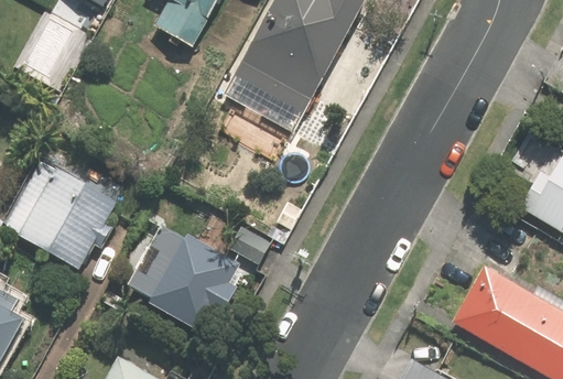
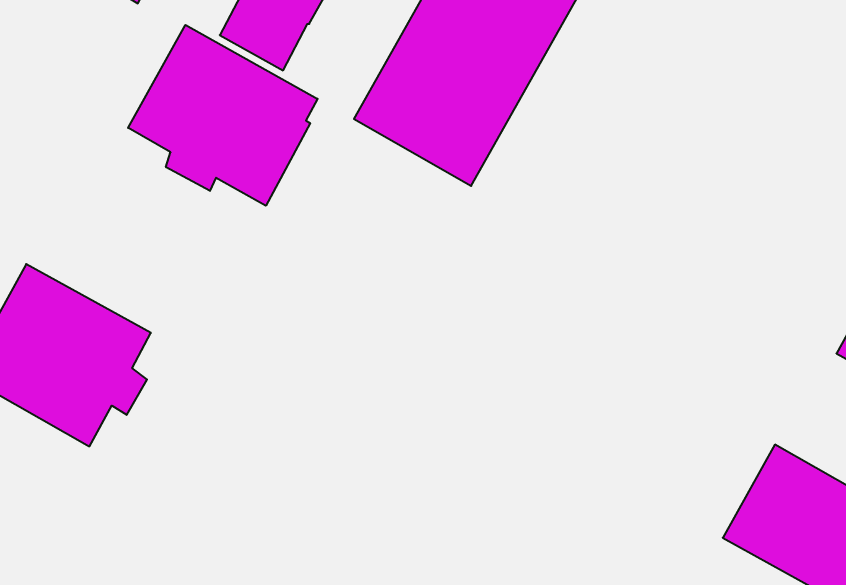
building: none -> [128,25,318,206]
building: [128,228,240,334] -> none

